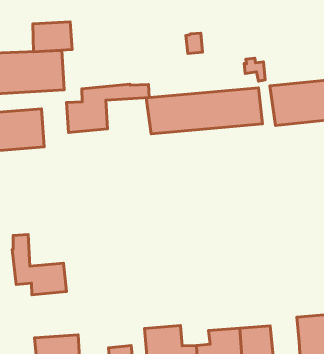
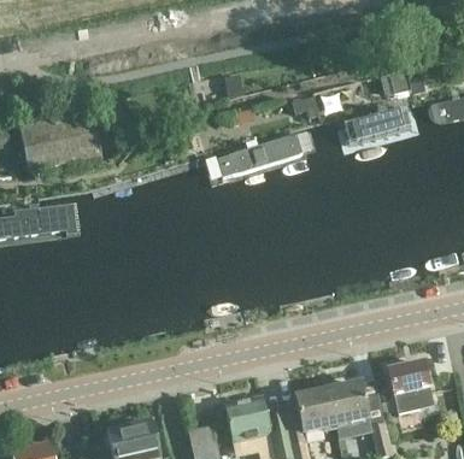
building: [33,22,72,52] -> none
building: [66,84,149,133] -> none
building: [12,234,67,295] -> none

